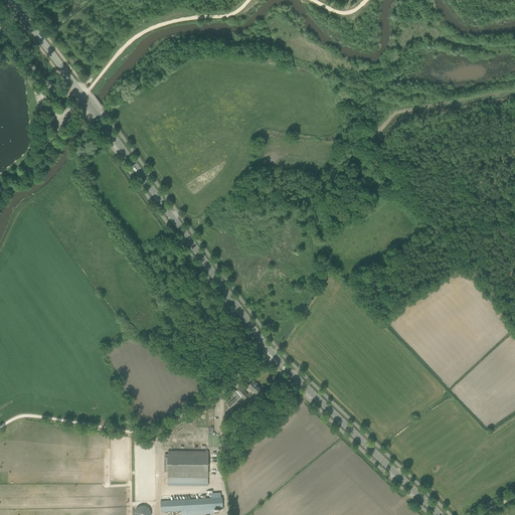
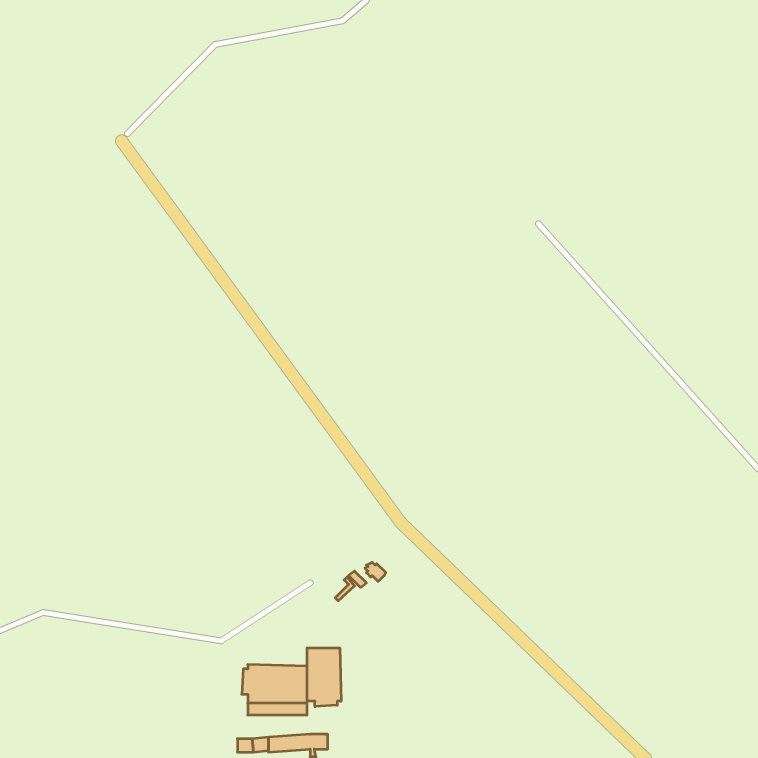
building: none -> [307,648,341,707]

